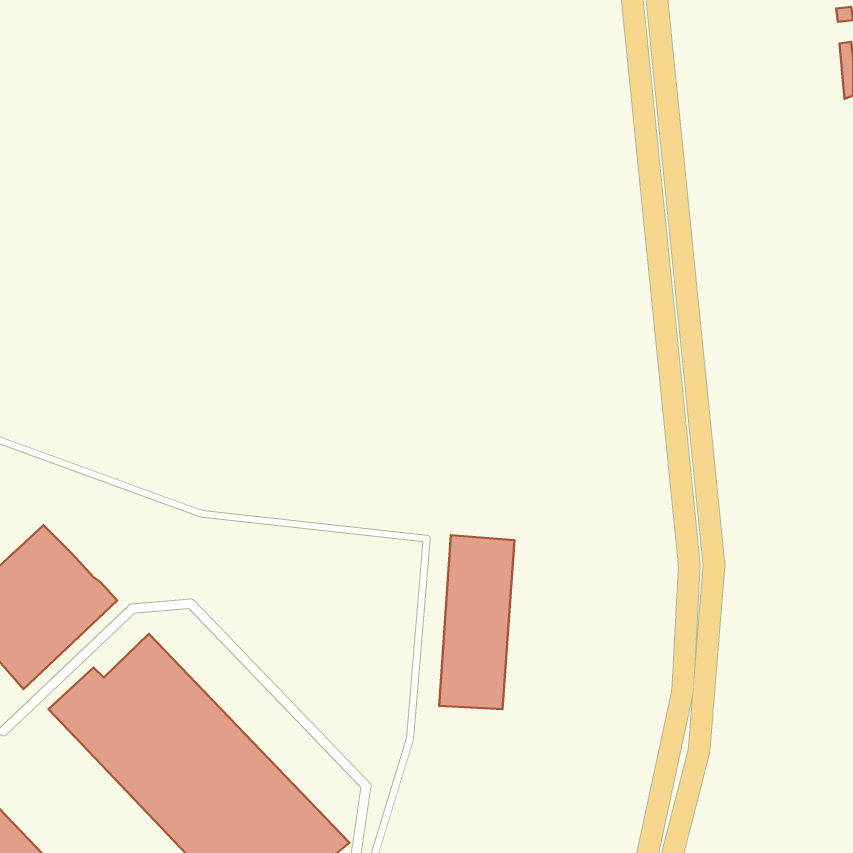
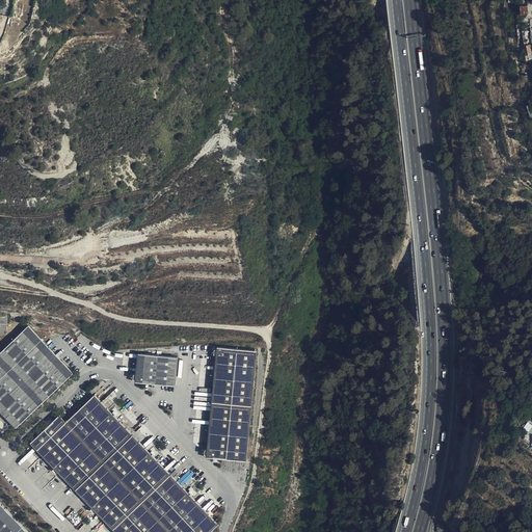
building: [439,535,514,709] -> [207,351,254,459]
building: none -> [135,352,177,385]

